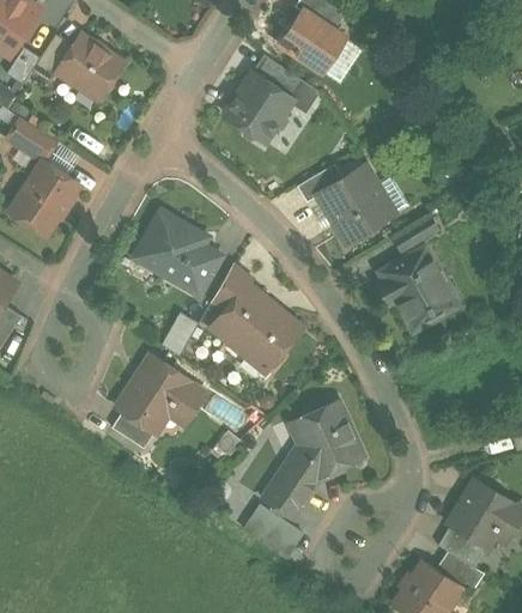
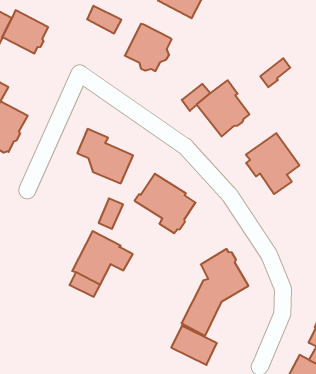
building: [255,56,303,98] -> [87,6,121,33]
building: [393,214,436,253] -> [260,58,290,87]
building: [212,263,251,312] -> none

